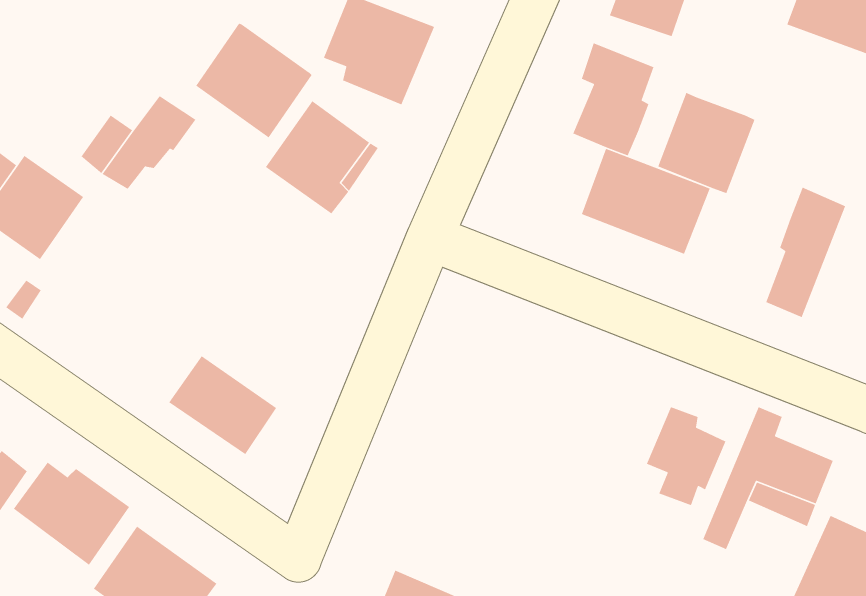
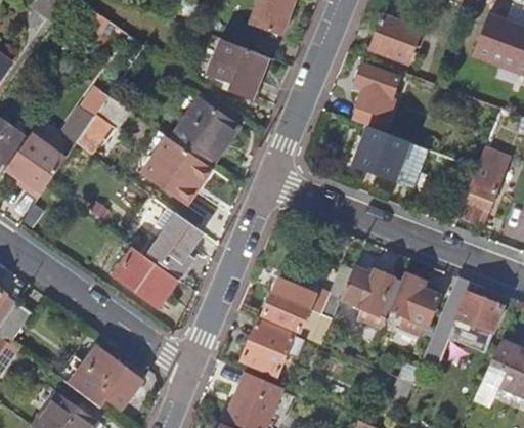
building: [195,23,313,138] -> [142,136,211,204]
building: [657,92,755,194] -> none
building: none -> [151,213,202,273]
building: none -> [339,266,401,328]
building: none -> [264,279,331,342]
building: [13,462,130,566] -> none
building: none -> [243,320,306,376]

